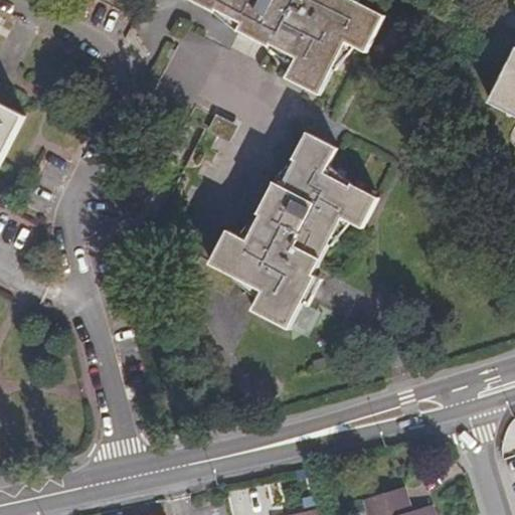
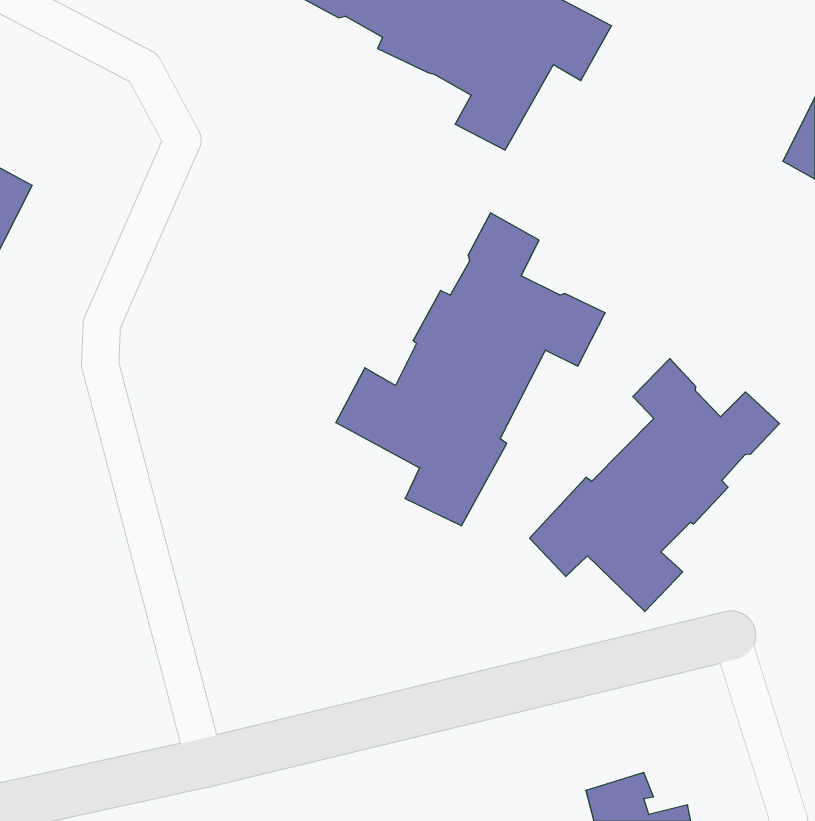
building: none -> [530,359,780,612]

